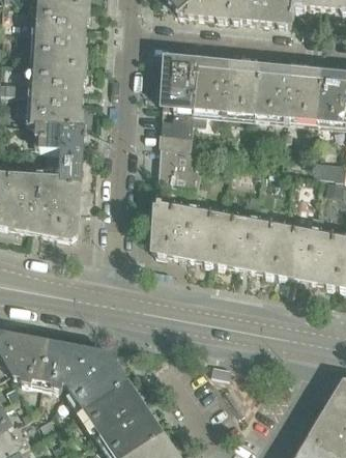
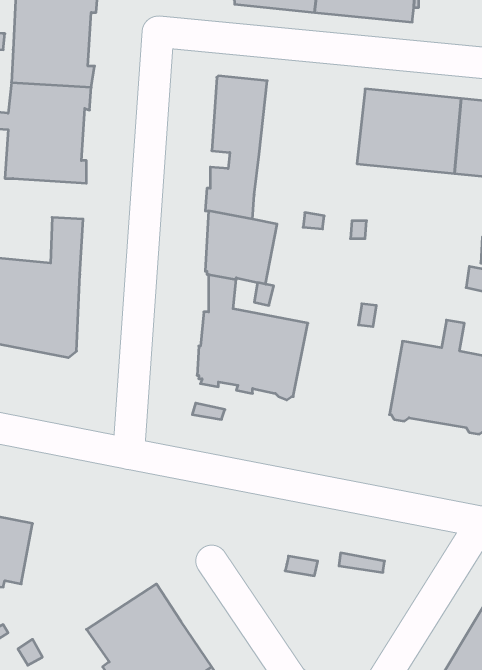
building: [192,60,259,113] -> none
building: [35,122,82,162] -> none
building: [213,214,283,274] -> none
building: [40,342,126,409] -> none

